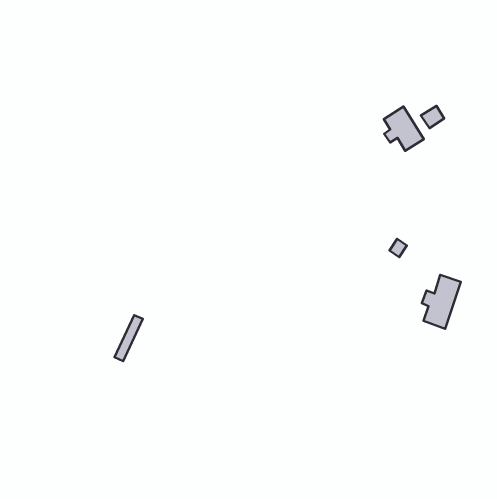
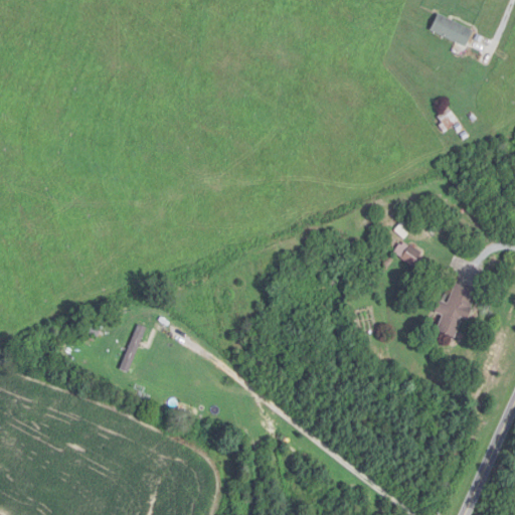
building: none -> [428,12,472,47]
building: [384,107,424,151] -> none

